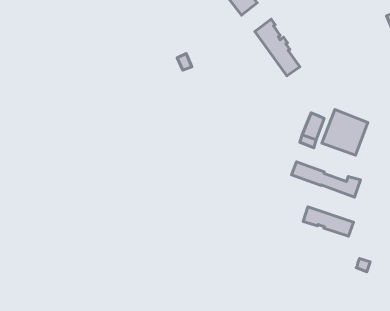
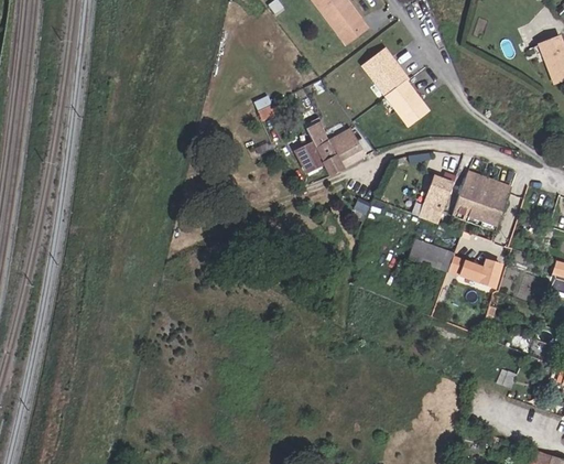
building: none -> [294,118,366,174]
building: [303,207,353,236] -> none

